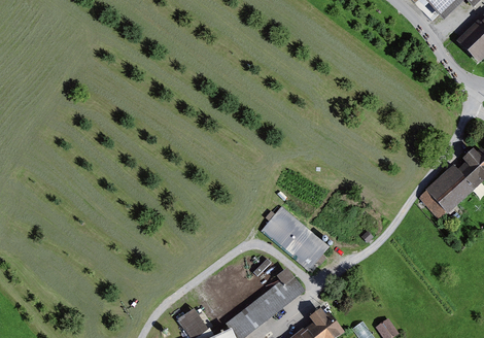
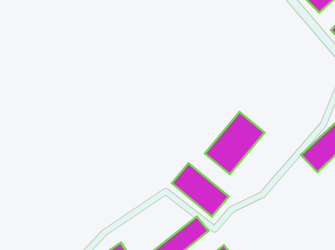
building: none -> [205,112,264,174]

